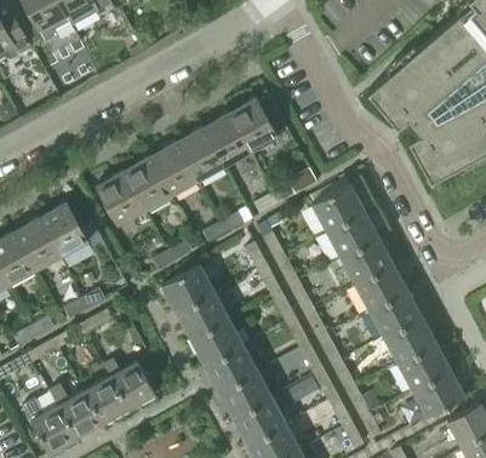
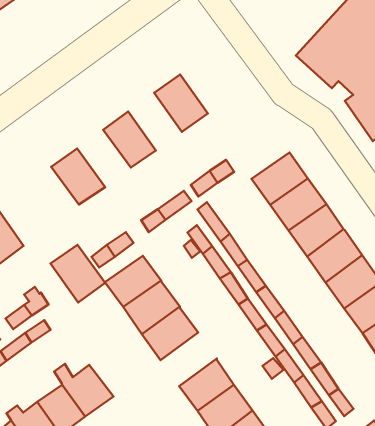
building: [202,113,251,167] -> none
building: [150,142,199,196] -> none
building: [96,171,145,225] -> [50,245,105,303]
building: [205,344,258,393] -> none

